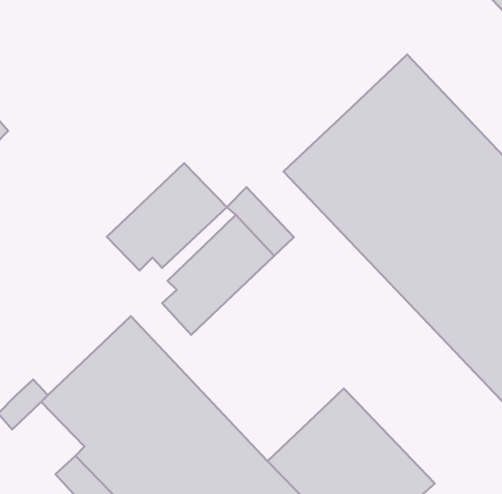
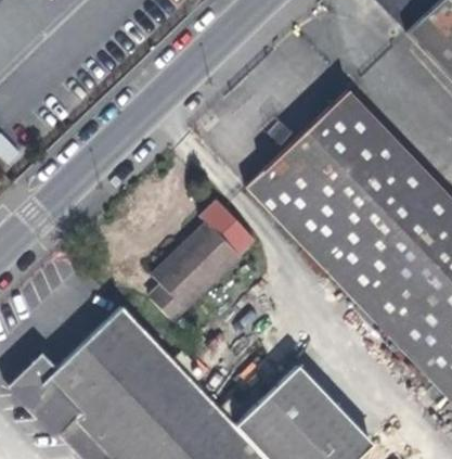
building: [107,163,227,270] -> none
building: none -> [24,377,83,436]

